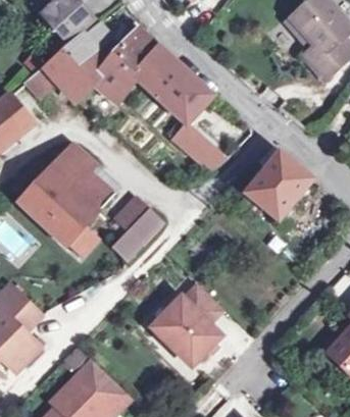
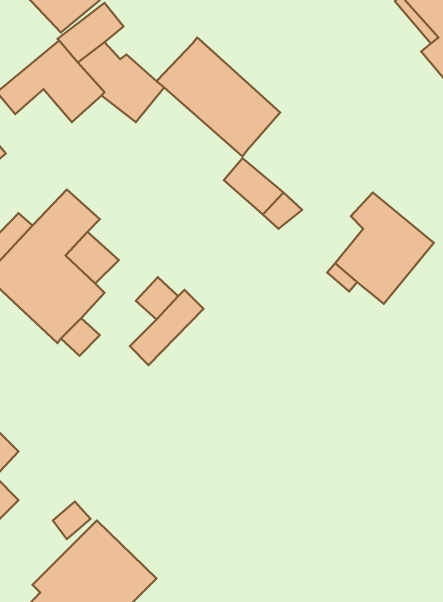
building: [108,29,154,74] -> none
building: [151,283,222,367] -> none

